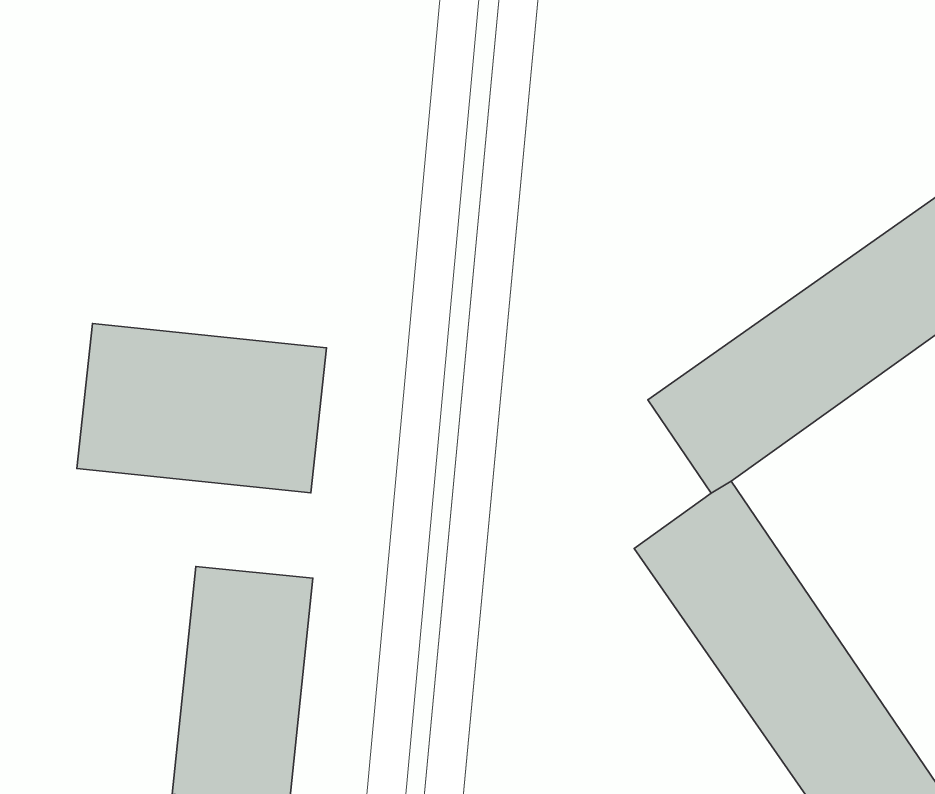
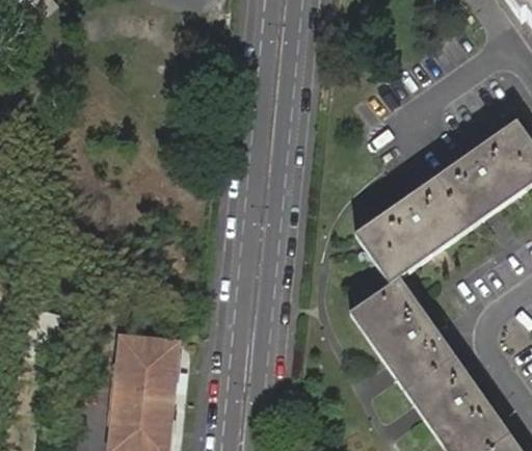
building: [77,323,326,493] -> none

